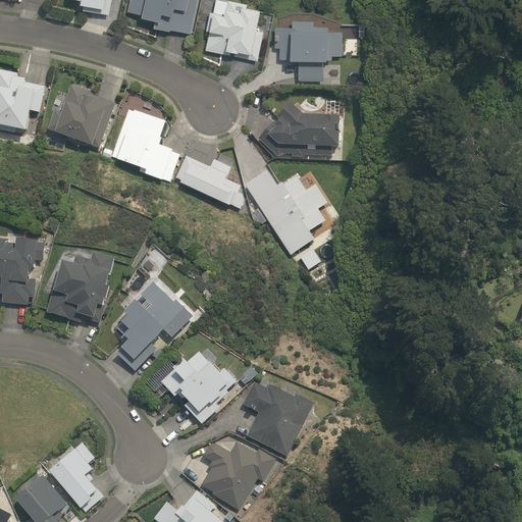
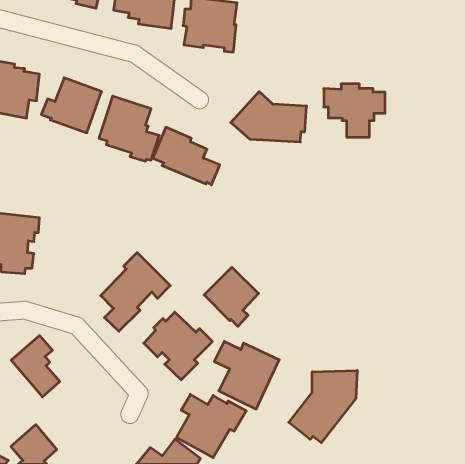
building: [272,20,341,80] -> [324,84,385,137]
building: [245,170,325,256] -> none
building: [44,251,114,321] -> none
building: none -> [204,267,259,326]
building: none -> [289,370,357,443]
building: [50,441,104,510] -> [11,336,60,397]

